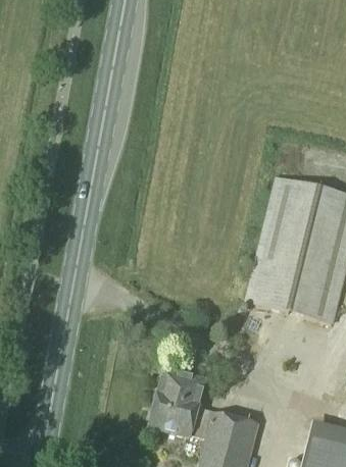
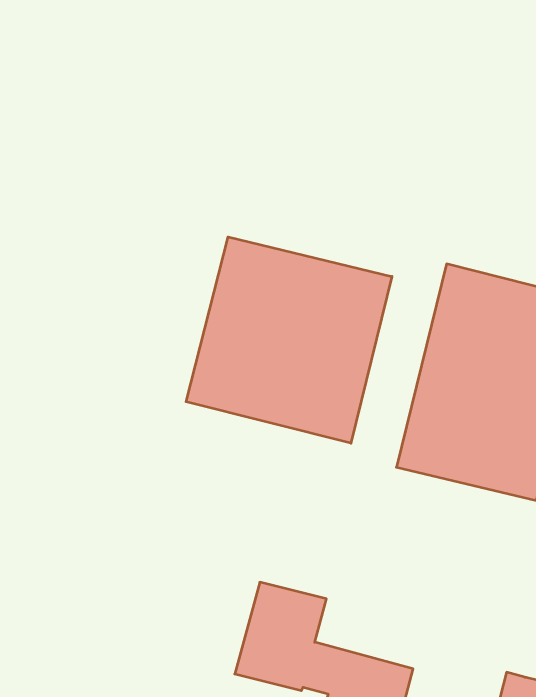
building: none -> [186,237,392,443]

